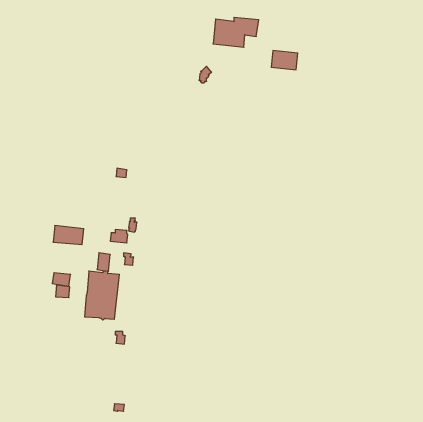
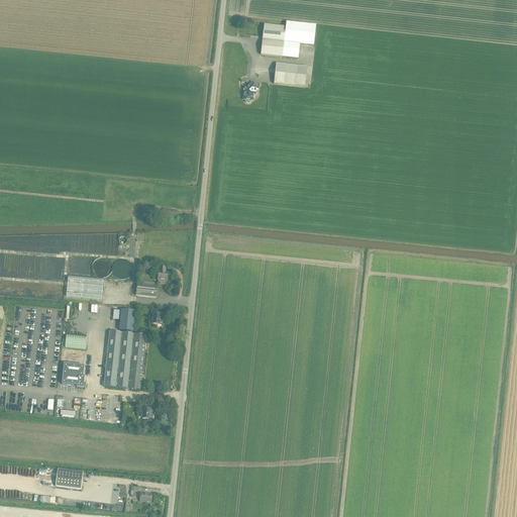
building: [271,51,298,70] -> [274,62,306,85]
building: none -> [61,363,83,385]
building: none -> [55,469,82,488]

